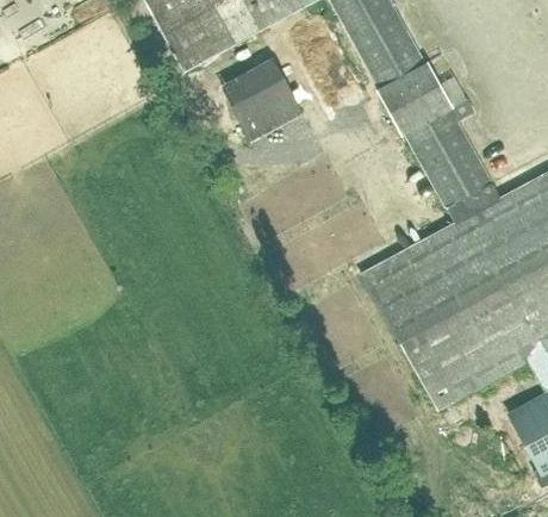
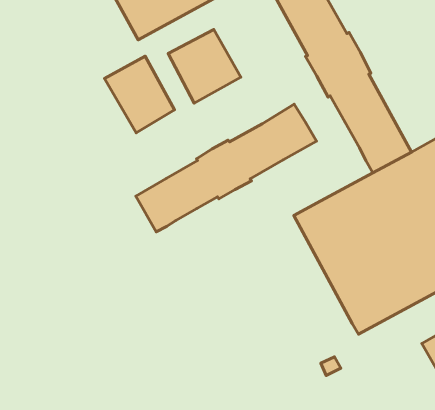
building: none -> [104,56,175,133]
building: none -> [136,104,316,232]

